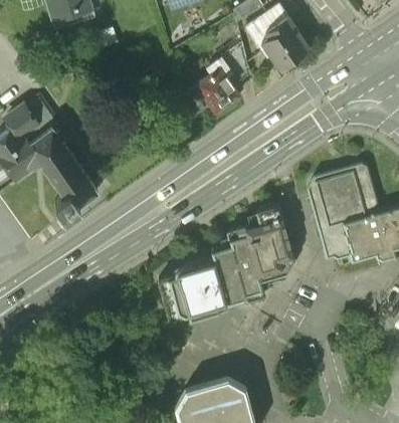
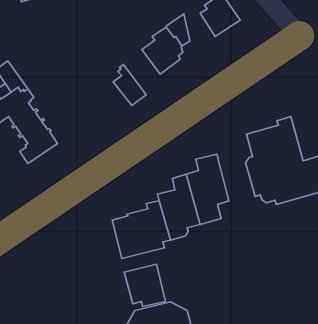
building: none -> [113,65,146,106]
building: none -> [124,264,165,306]

